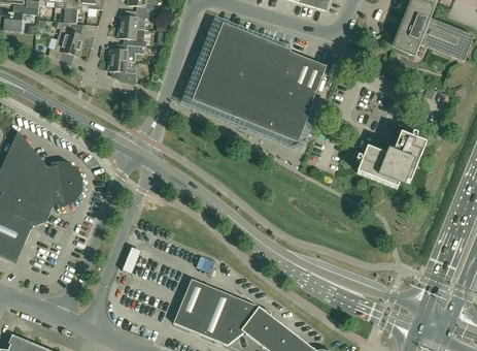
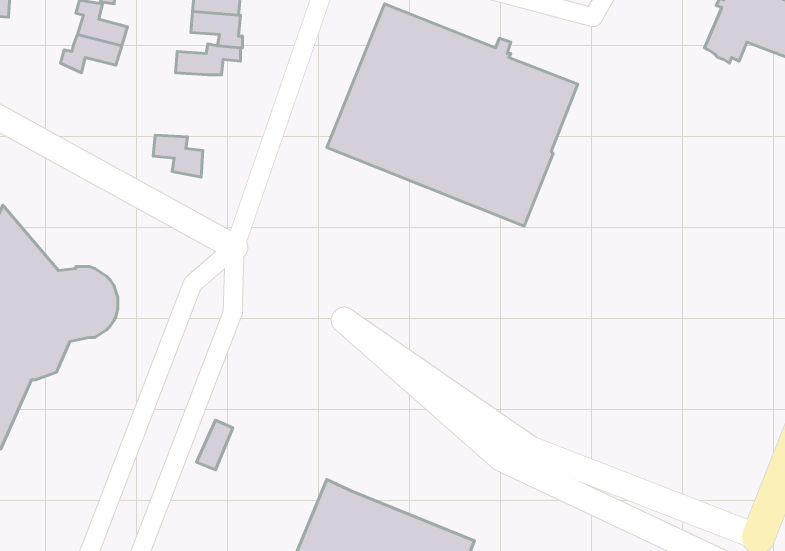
building: [109,59,136,82] -> [153,135,203,177]
building: [357,131,427,187] -> none

